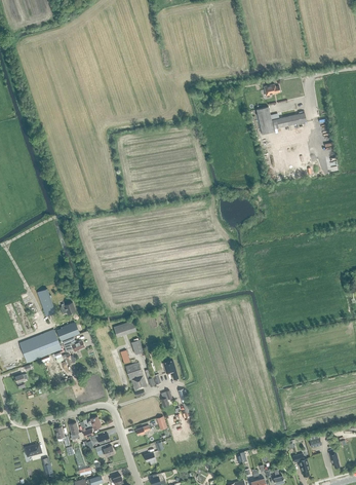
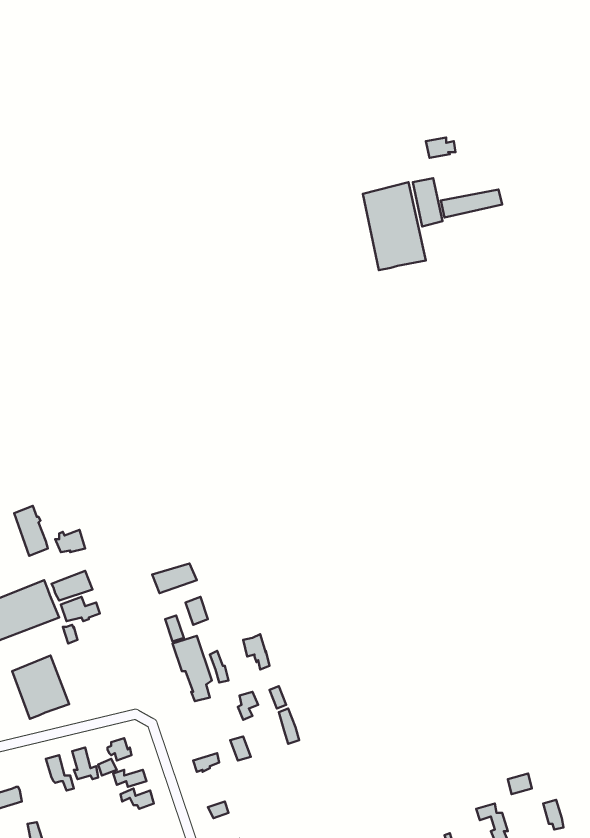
building: none -> [363,182,426,270]
building: none -> [12,655,69,719]

